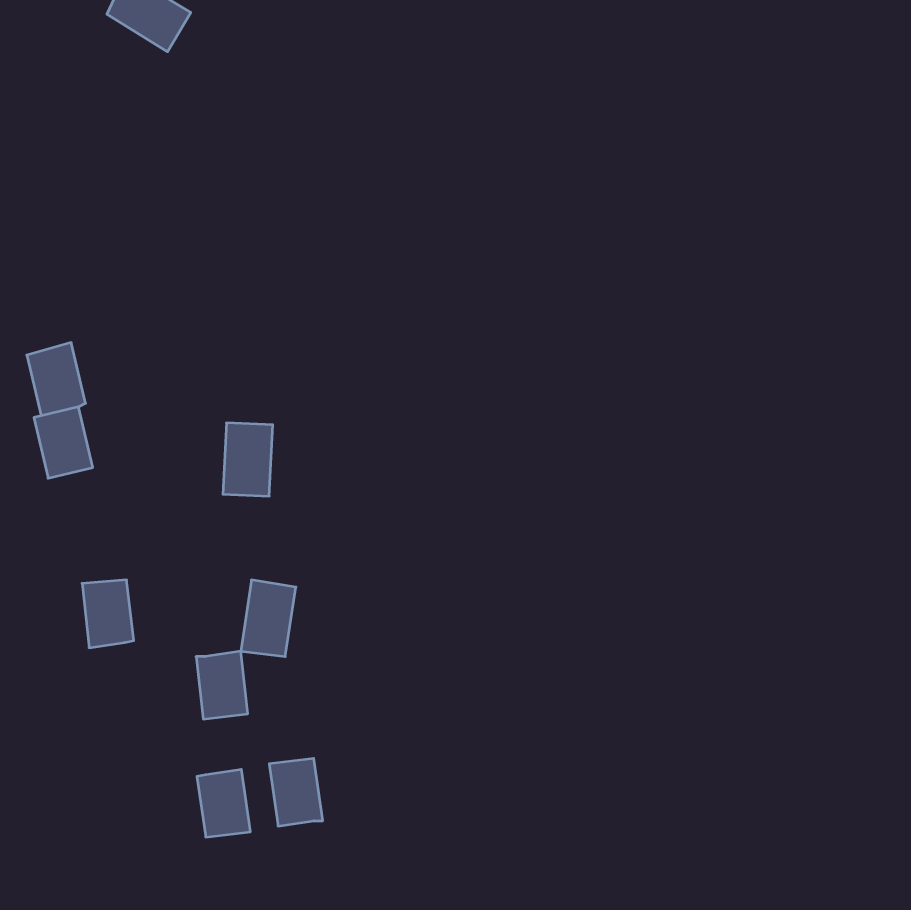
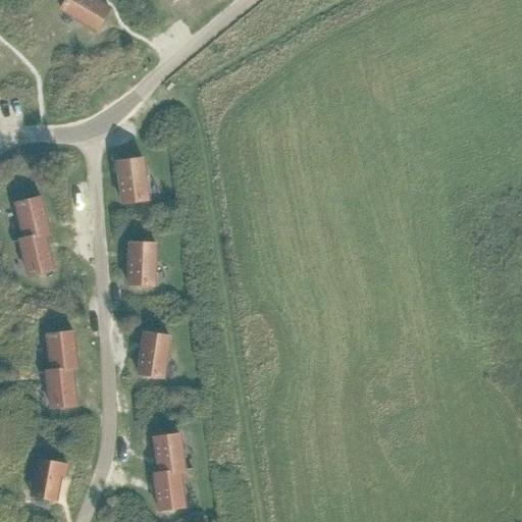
building: none -> [117,157,148,201]
building: [196,651,248,719] -> [46,367,75,406]
building: [197,769,250,837] -> [154,469,185,508]
building: none -> [31,458,67,499]

